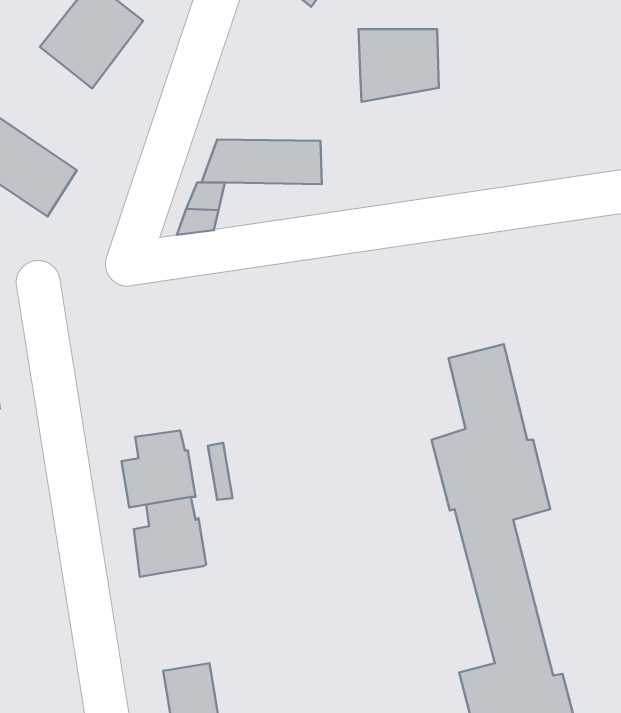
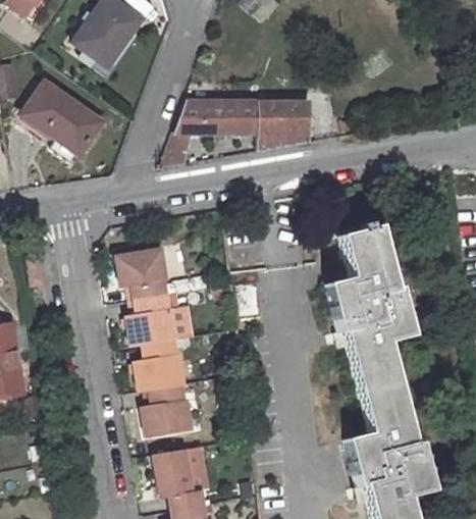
building: [358,29,439,102] -> [258,101,311,149]
building: none -> [117,247,165,297]
building: none -> [142,382,190,434]

